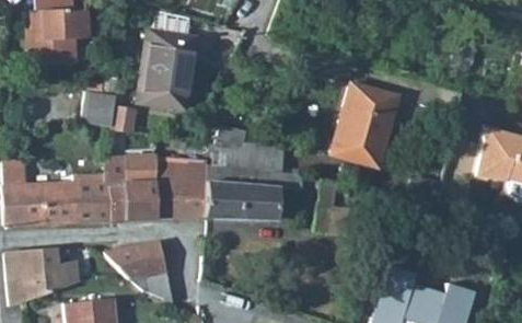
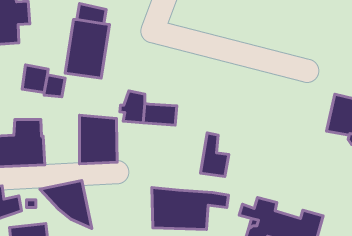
building: [333,84,397,165] -> none
building: [105,157,156,221] -> none
building: [205,165,304,220] -> [152,188,228,229]

